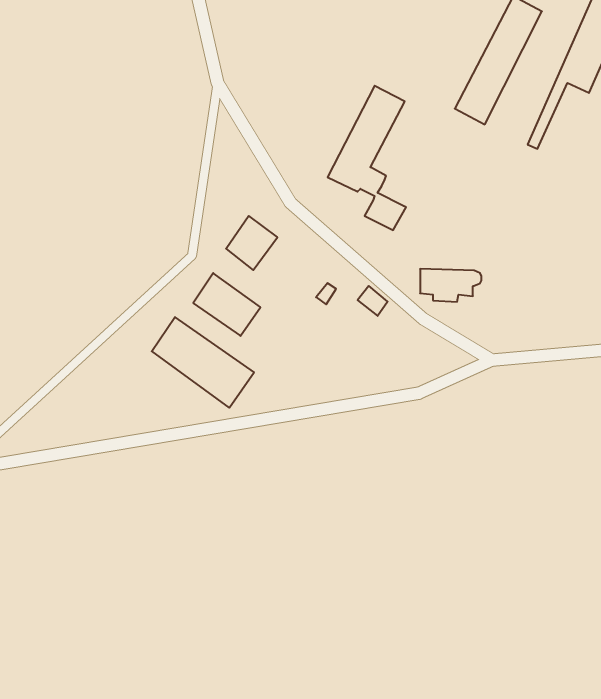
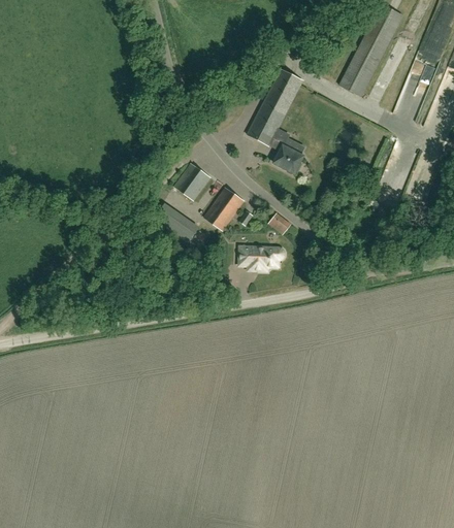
building: none -> [204,188,244,230]
building: [420,269,481,302] -> [239,246,284,270]
building: [152,317,254,408] -> none

